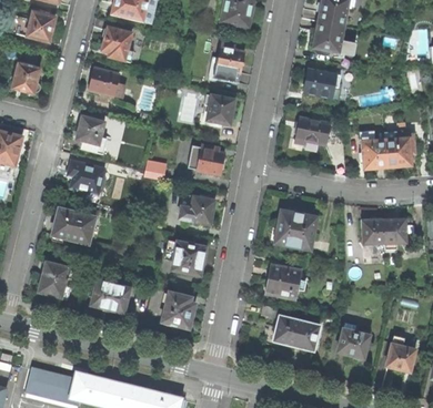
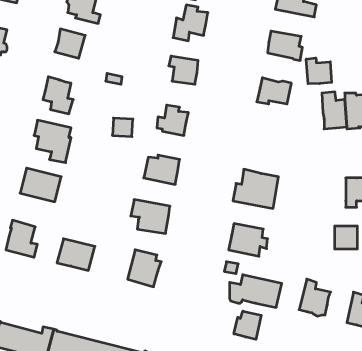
building: none -> [306,58,332,84]
building: [362,218,385,242] -> [335,226,357,249]
building: none -> [234,311,261,339]

